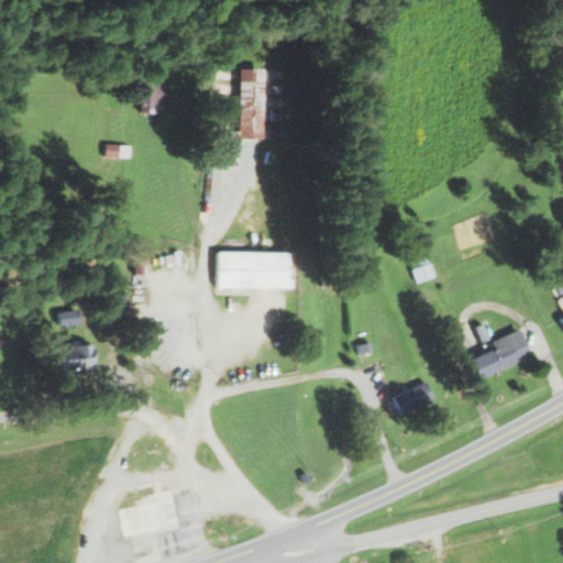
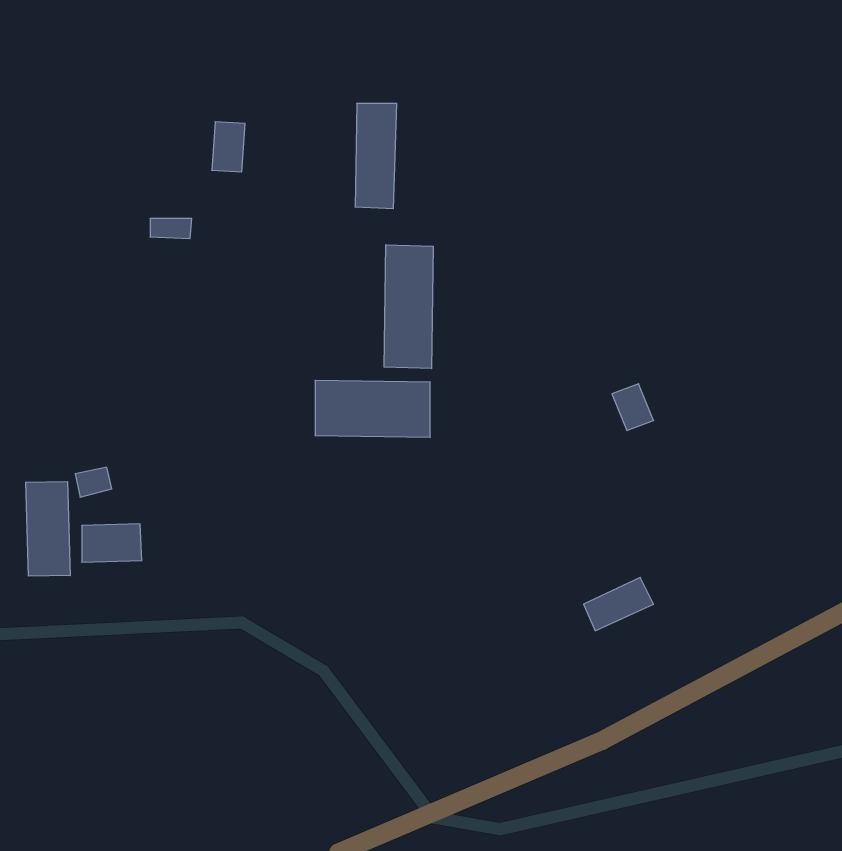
building: none -> [384,245,433,369]
building: none -> [26,482,70,576]
building: [467,330,531,379] -> none

